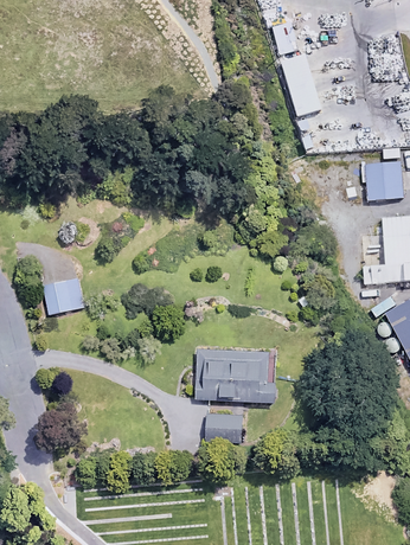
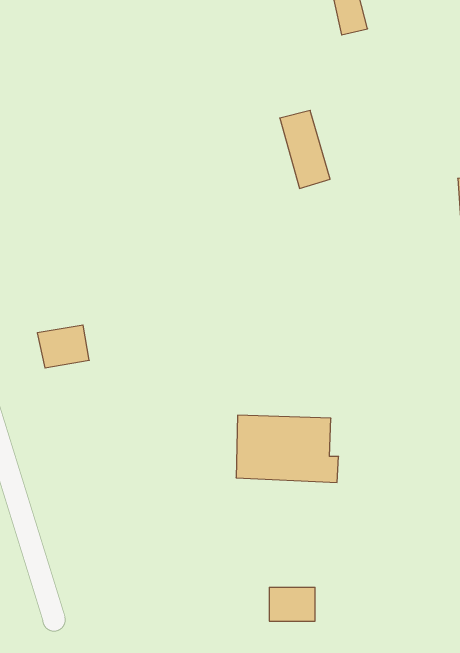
building: [281,54,320,115] -> [280,110,330,188]
building: [204,413,239,440] -> [269,587,315,621]

